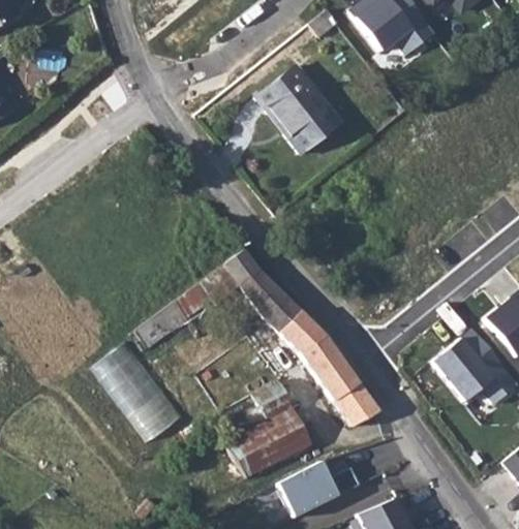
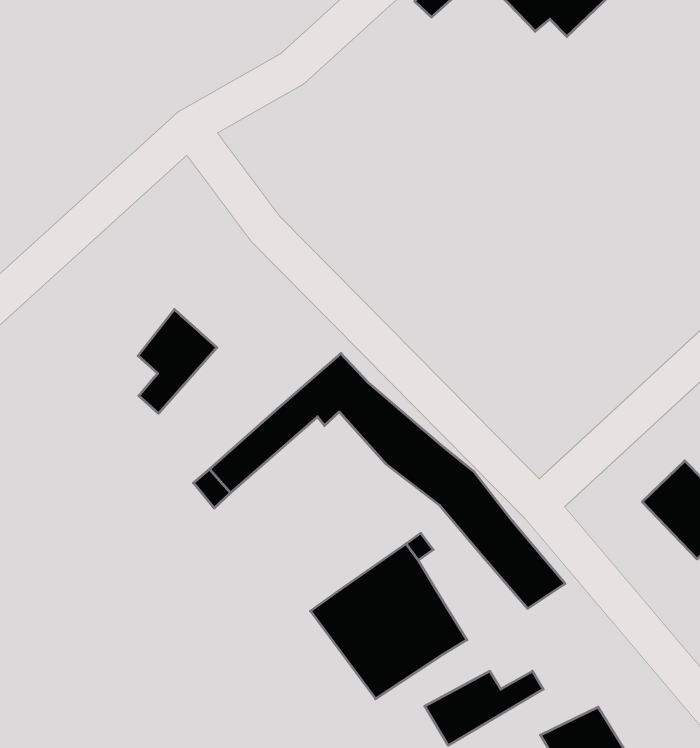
building: [257,66,342,154] -> none
building: none -> [138,309,217,413]
building: [100,338,186,441] -> none

